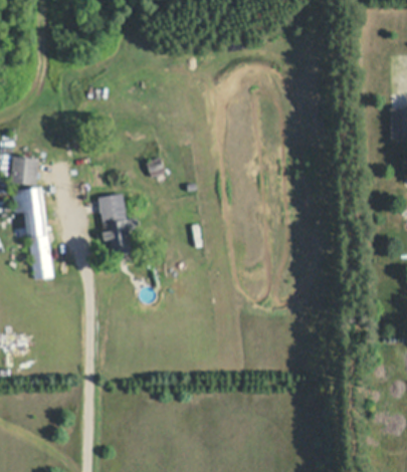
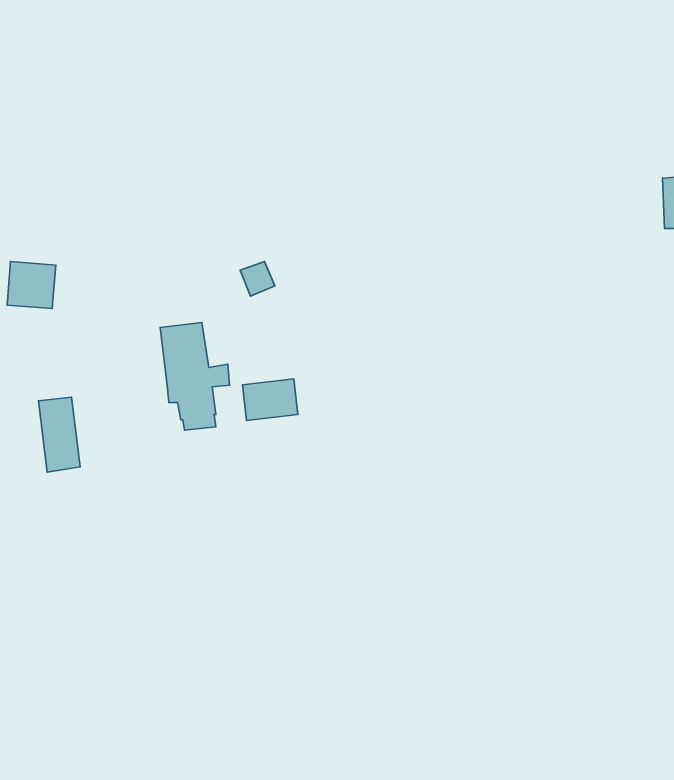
building: [12,186,48,236] -> none
building: none -> [242,379,298,421]

